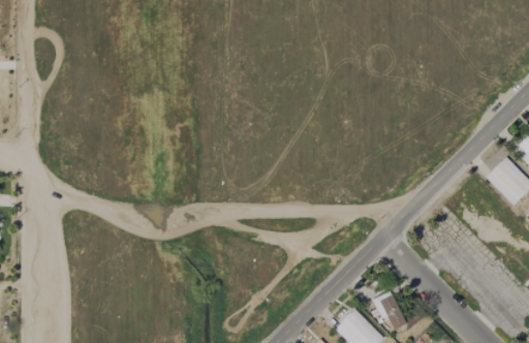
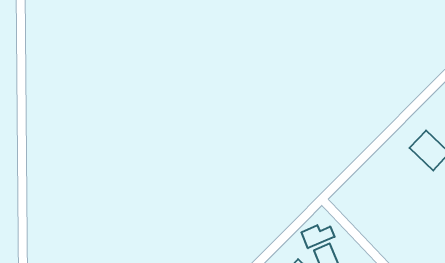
building: none -> [301,225,335,248]

